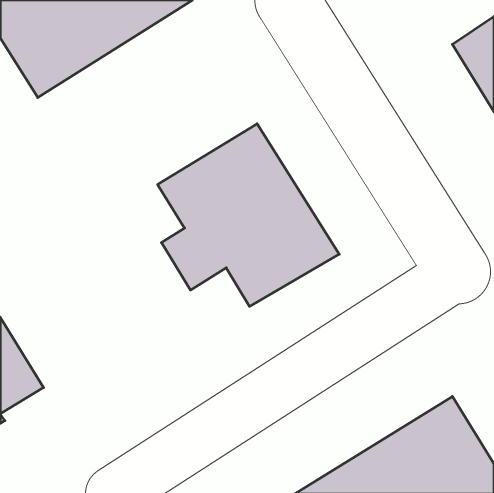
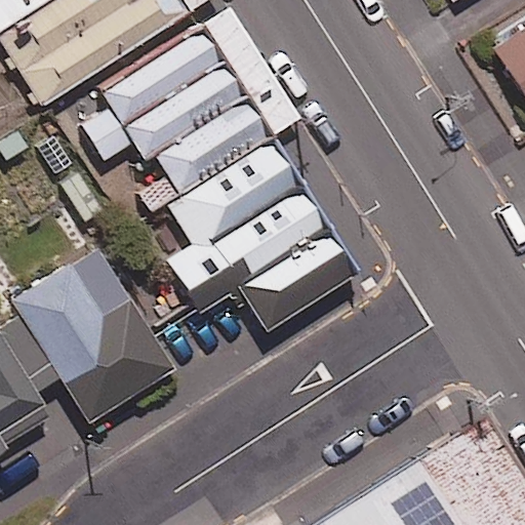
building: none -> [82,24,273,209]
building: none -> [9,245,172,421]

